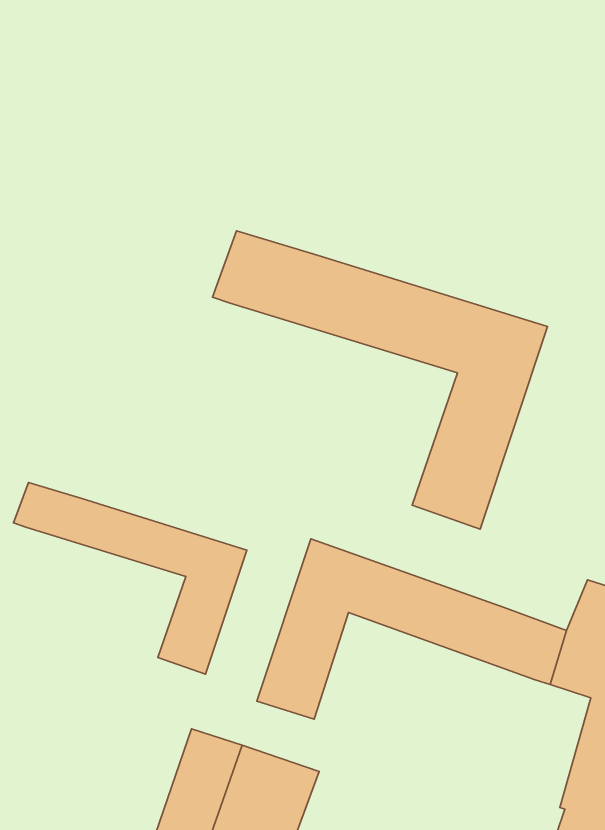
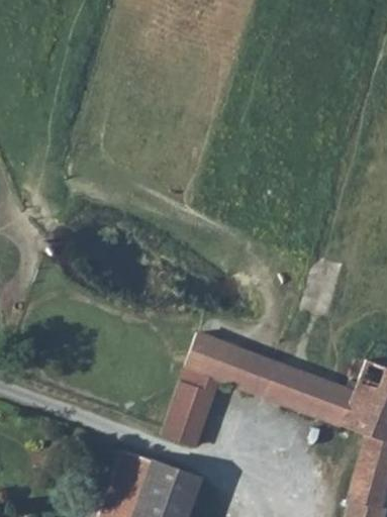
building: [212,231,548,529] -> none
building: [14,482,247,674] -> none

